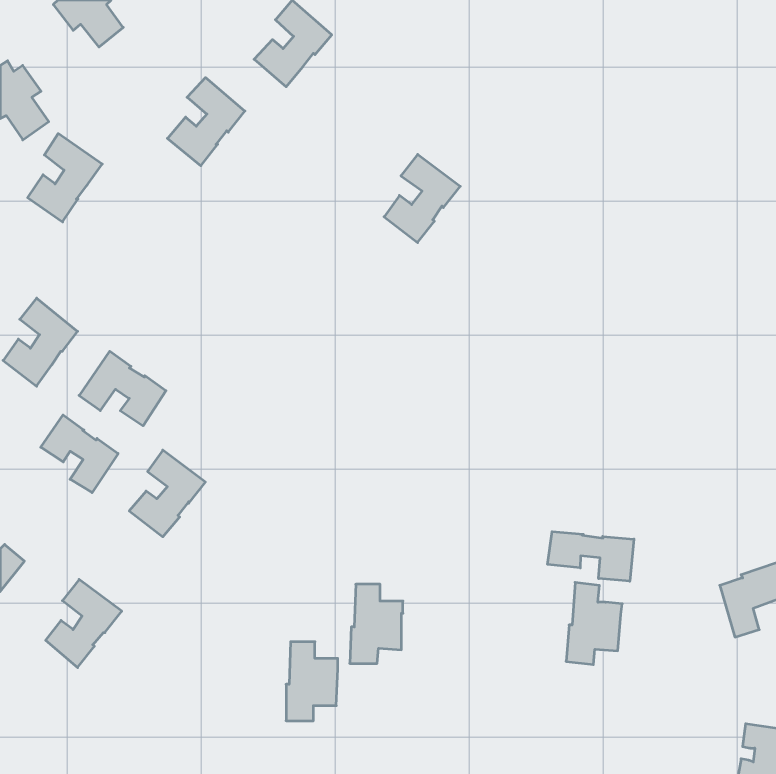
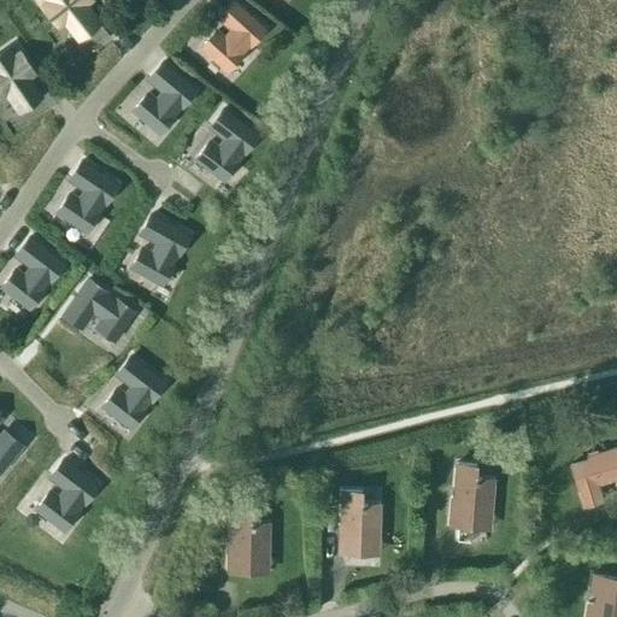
building: [28,134,102,222] -> [58,163,117,233]
building: [384,154,460,243] -> [198,111,258,181]
building: none -> [133,216,188,284]
building: [41,415,118,493] -> none
building: [548,532,634,581] -> none
building: [350,584,403,663] -> [337,492,380,554]

